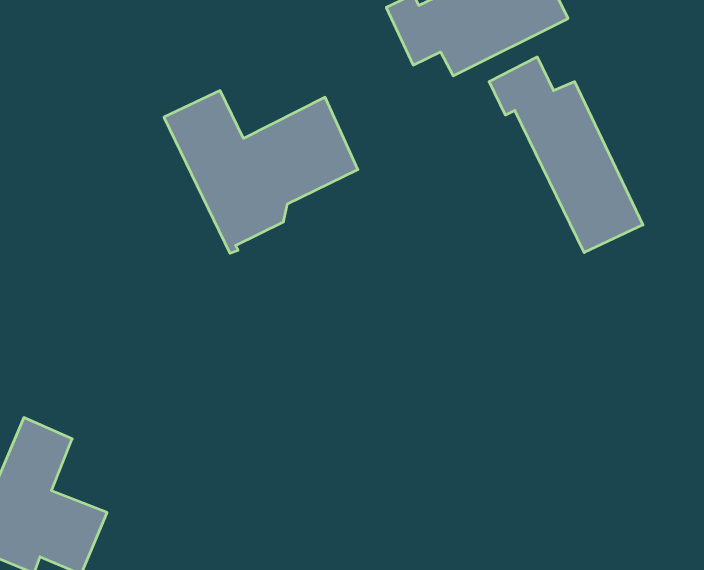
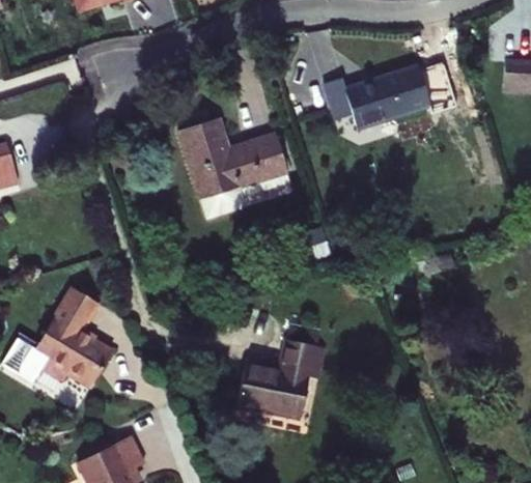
building: [489,57,643,253] -> none
building: none -> [234,340,322,420]

